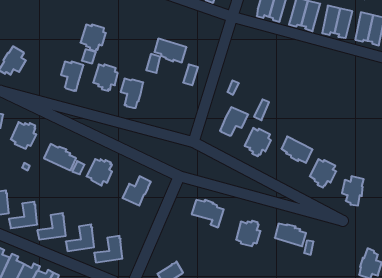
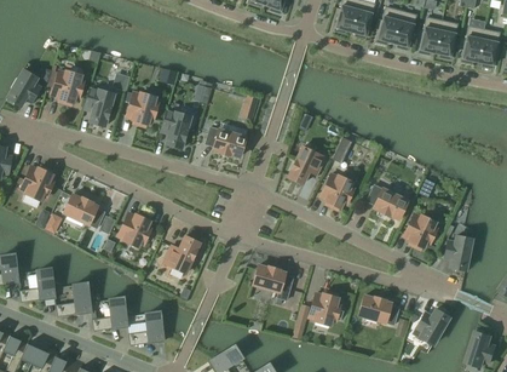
building: [80,25,106,51] -> [51,70,83,104]
building: [154,39,187,62] -> [204,126,246,156]
building: none -> [415,309,450,345]

